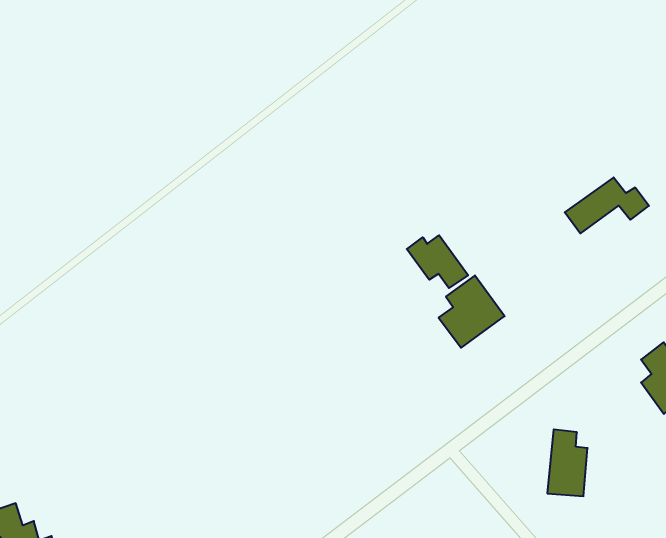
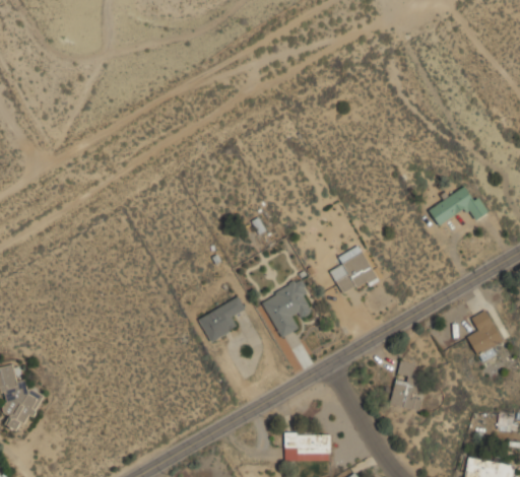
building: [407,235,468,288] -> none
building: none -> [260,280,313,338]
building: none -> [197,297,245,342]

